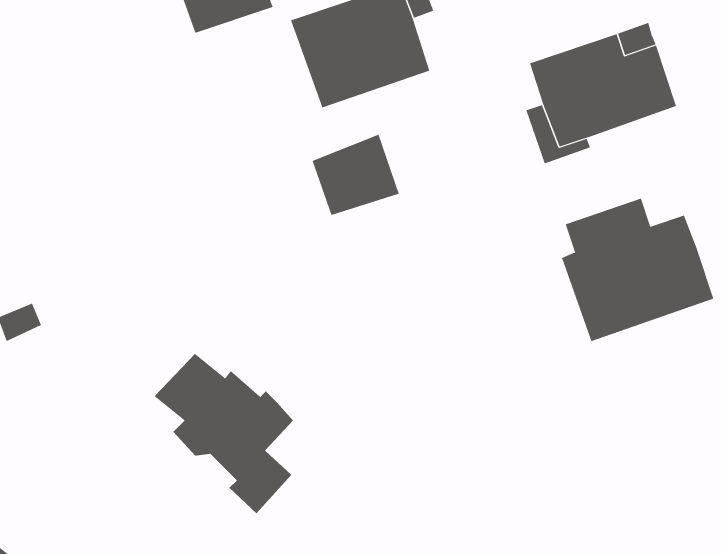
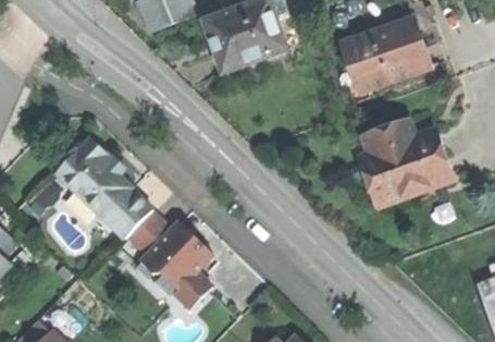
building: [312,134,400,216] -> none
building: none -> [53,137,150,240]

